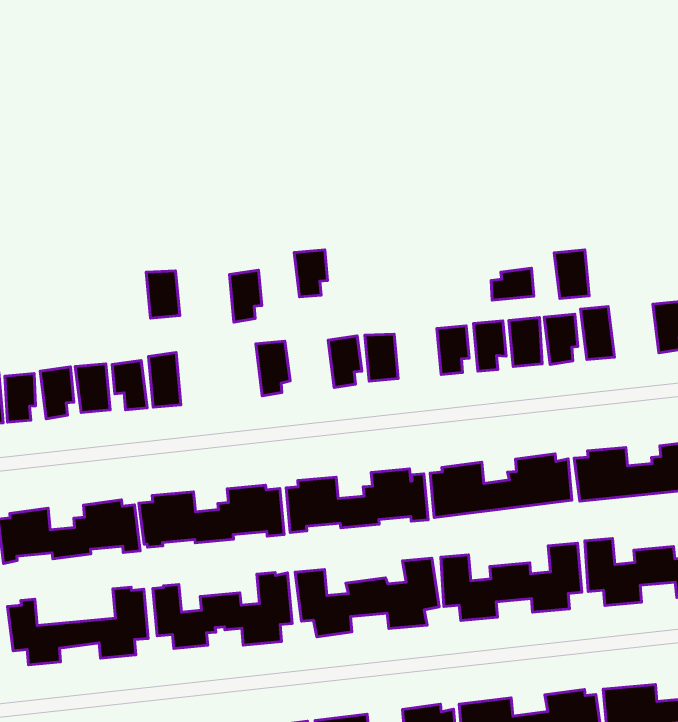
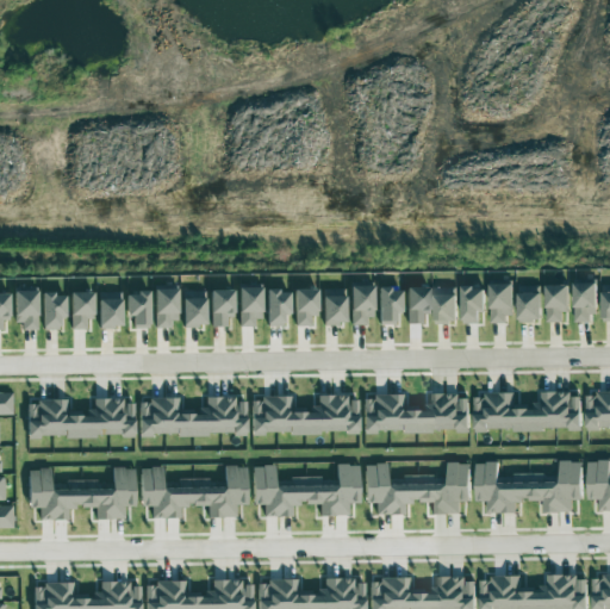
building: [294,250,328,297] -> [267,290,291,324]
building: [554,250,589,299] -> [519,285,543,321]
building: [491,268,534,300] -> none
building: [230,270,262,322] -> [212,288,235,327]
building: [146,271,180,318] -> [183,290,206,325]
building: none -> [351,284,374,324]

